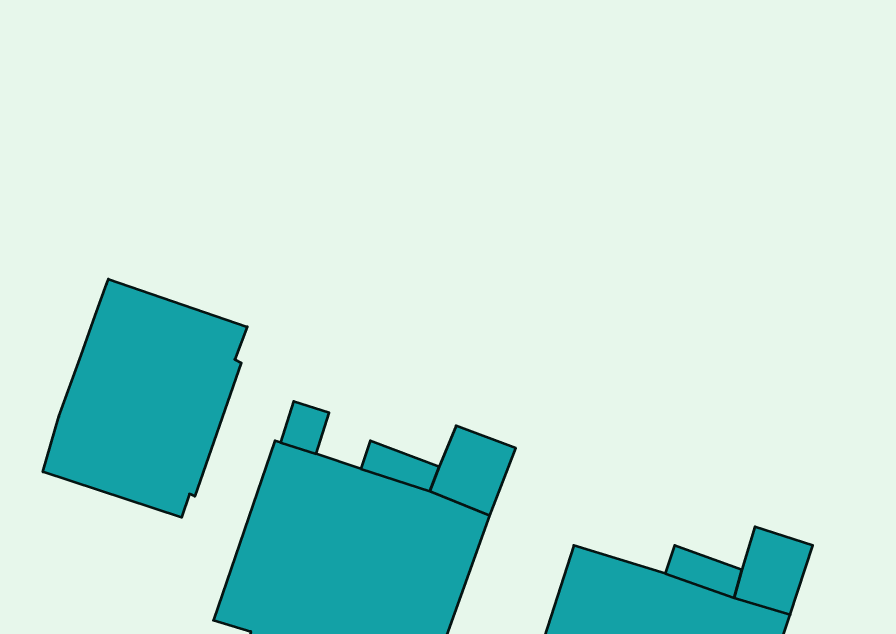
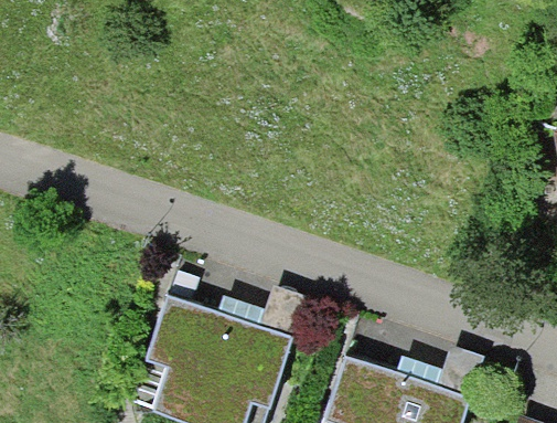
building: [43,279,247,517] -> none

